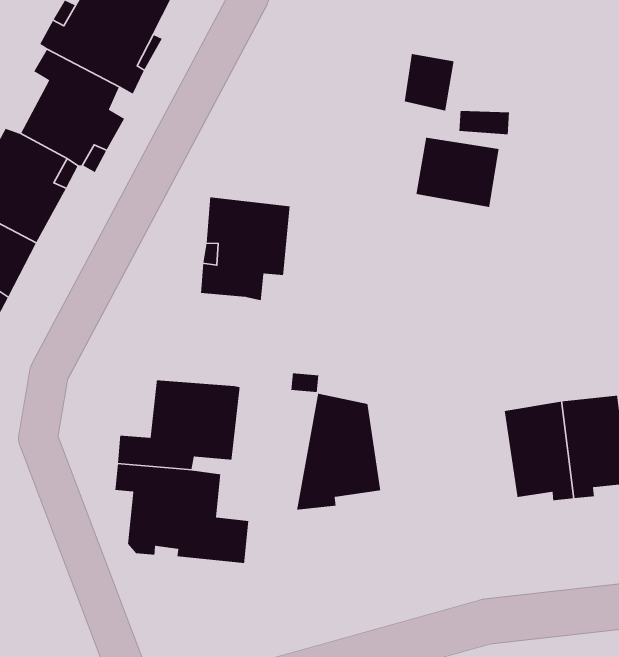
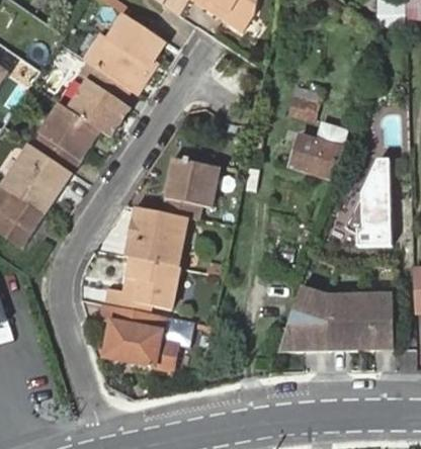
building: none -> [345,159,392,246]
building: none -> [127,205,187,265]
building: [296,393,381,510] -> [280,286,330,352]

